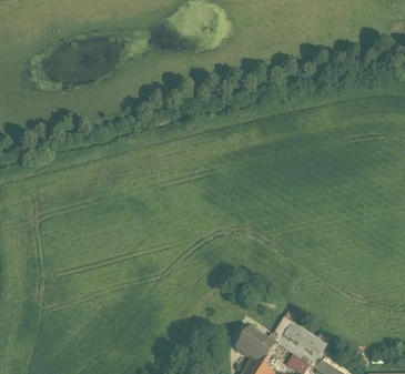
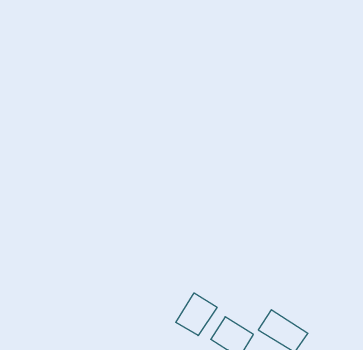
building: none -> [176,293,217,336]

